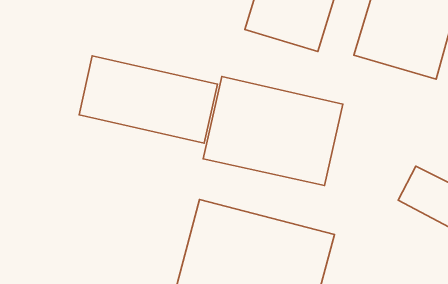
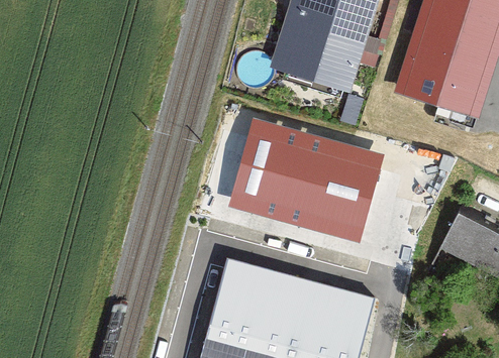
building: [79,56,217,143] -> none

